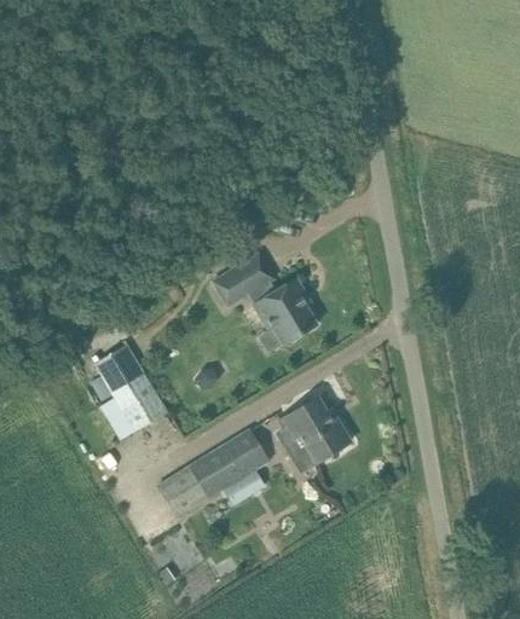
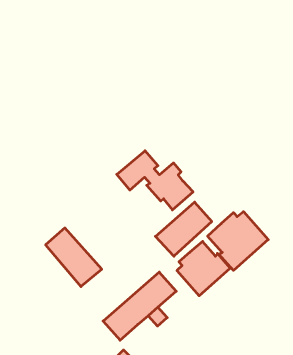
building: none -> [155,202,212,256]
building: none -> [208,212,268,270]

